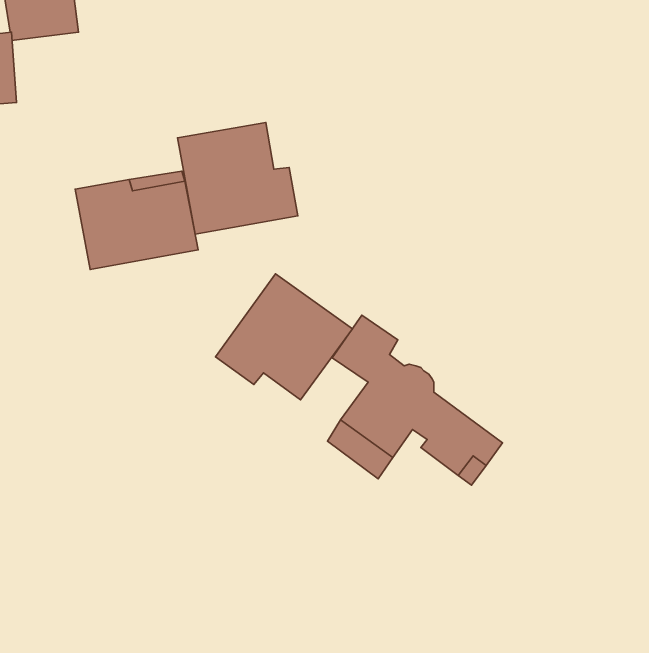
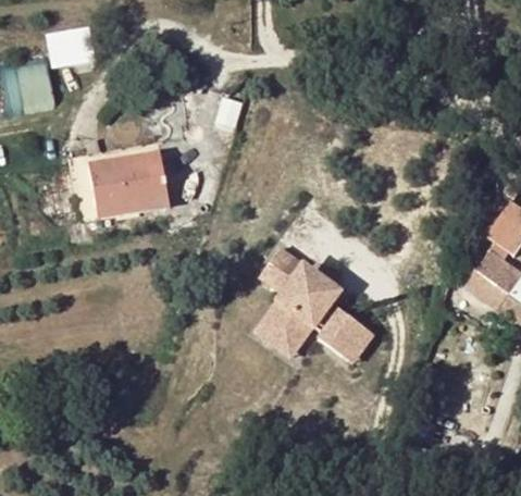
building: [178,122,298,234] -> none
building: [216,274,352,400] -> none

